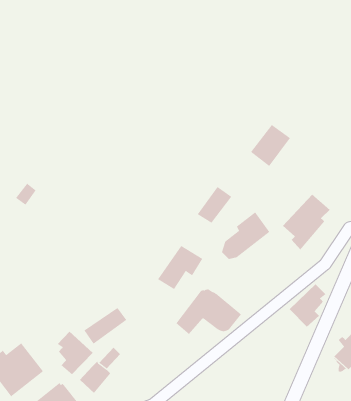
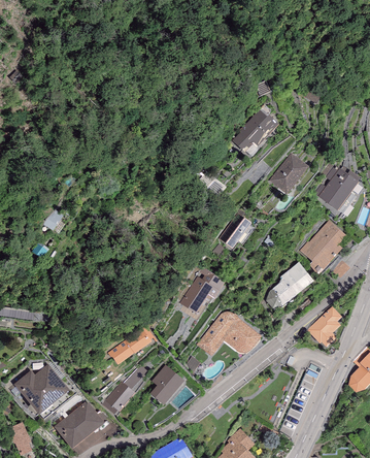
building: none -> [232,104,278,153]
building: none -> [313,161,359,210]
building: [221,211,270,260] -> [266,262,313,308]
building: [57,331,93,375] -> none
building: none -> [149,364,184,404]

